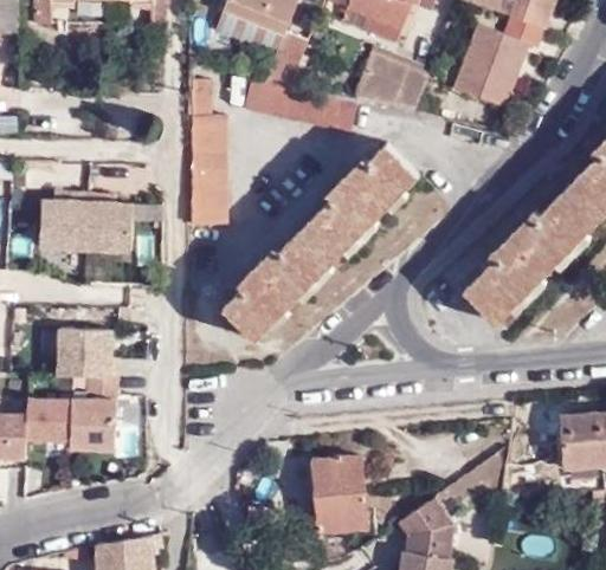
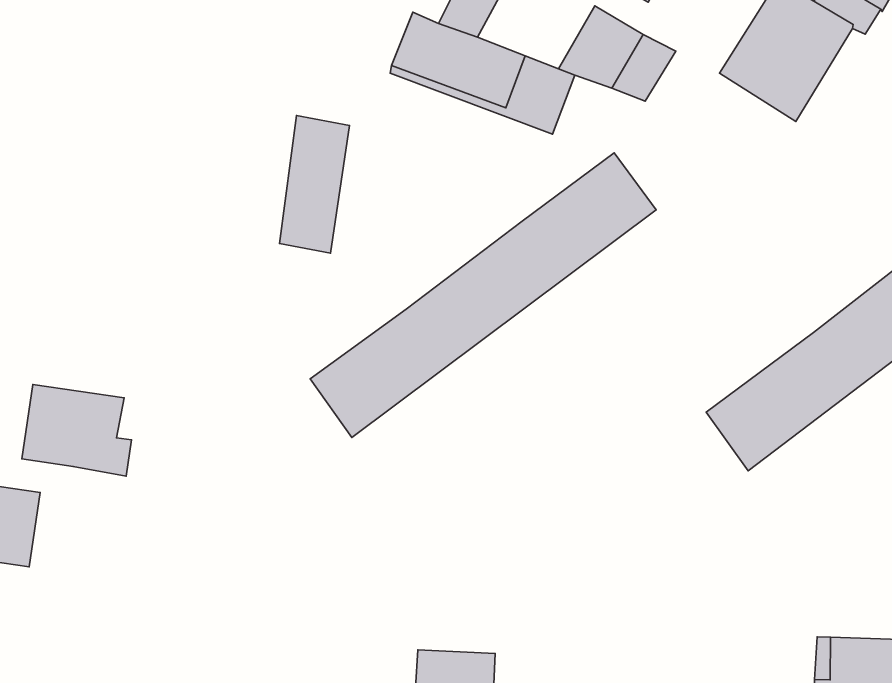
building: [191,82,230,227] -> none
building: [43,193,137,253] -> none
building: [70,380,121,456] -> none

